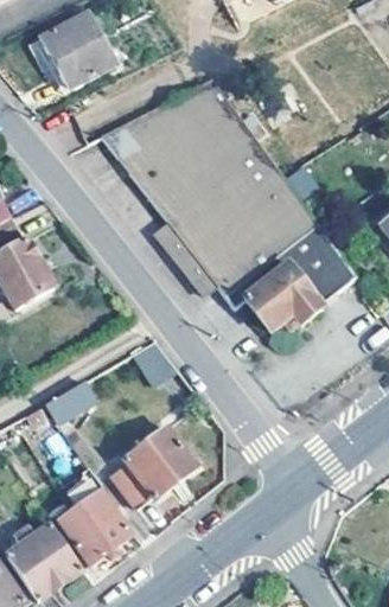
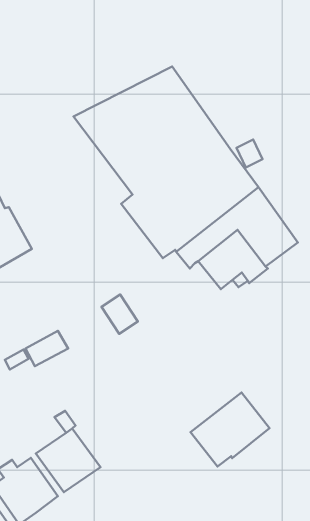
building: [42,12,114,89] -> none
building: [107,424,197,509] -> [191,393,270,467]

